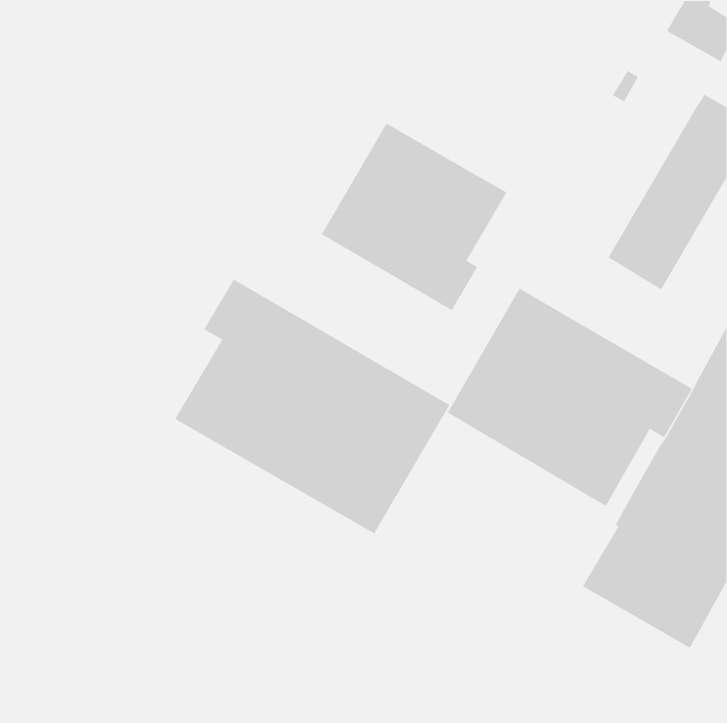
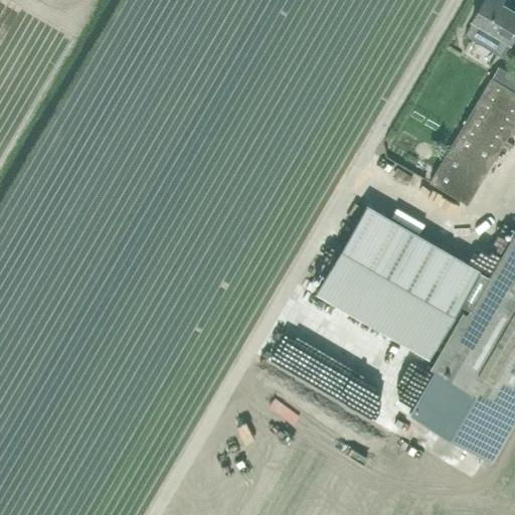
building: [321,123,508,311] -> none
building: [174,278,450,535] -> none

